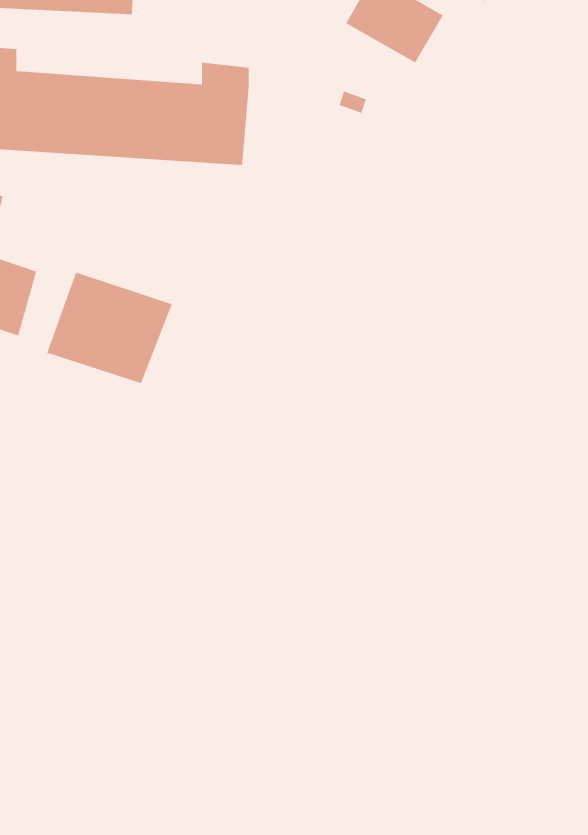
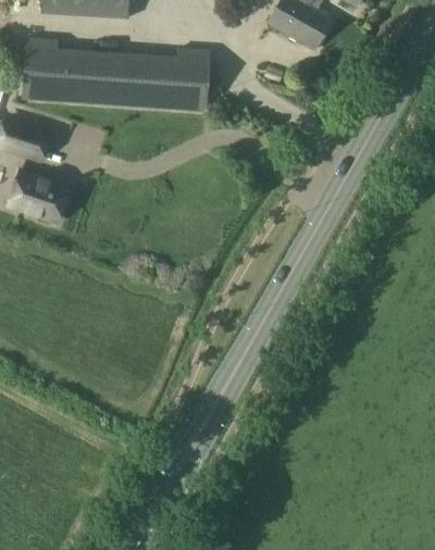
building: [46,271,173,384] -> none

